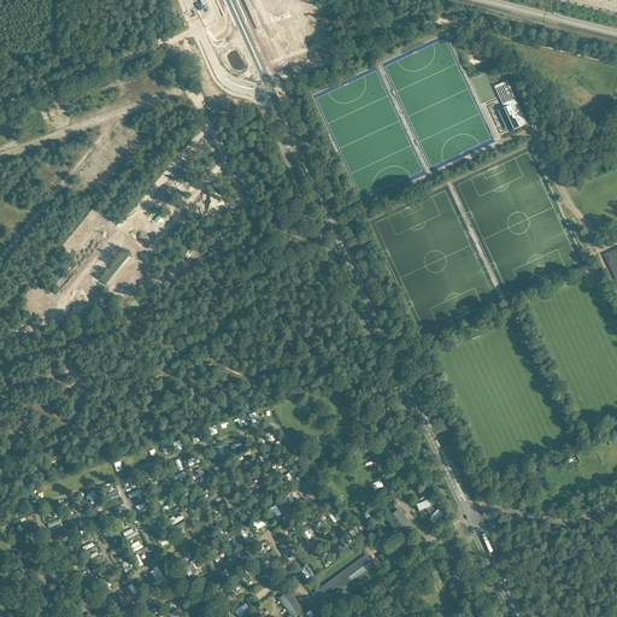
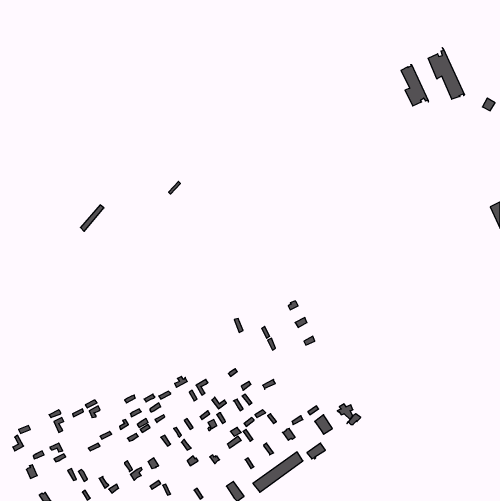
building: none -> [428,48,464,99]

